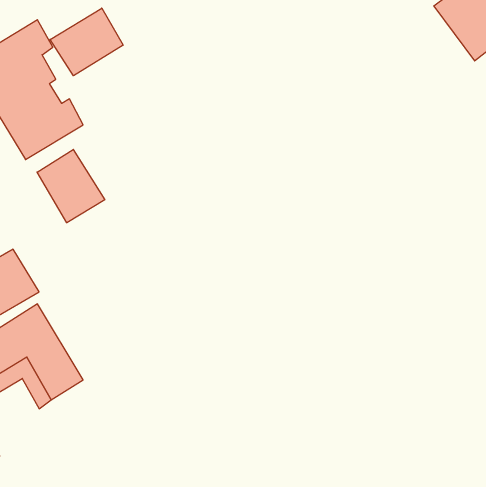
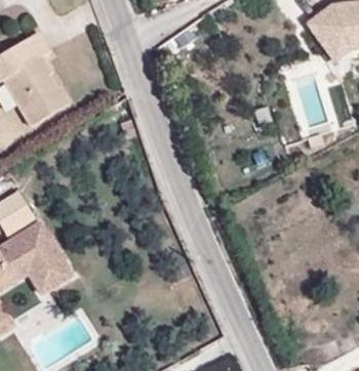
building: [50,8,123,76] -> none
building: [37,149,105,223] -> none

